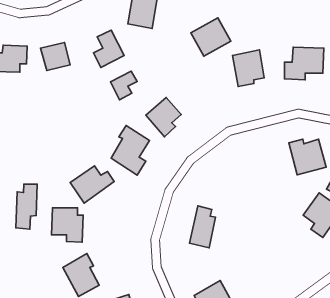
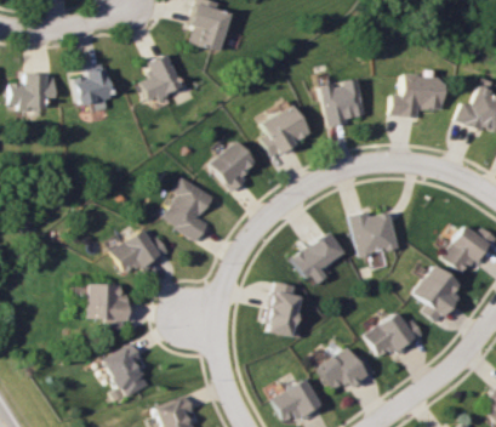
building: [191,18,231,56] -> [256,106,308,155]
building: [110,71,137,100] -> none
building: [289,139,326,175] -> [352,211,400,257]
building: none -> [296,233,344,286]
building: [16,184,37,229] -> none
building: none -> [366,312,420,357]
building: none -> [319,346,377,389]

